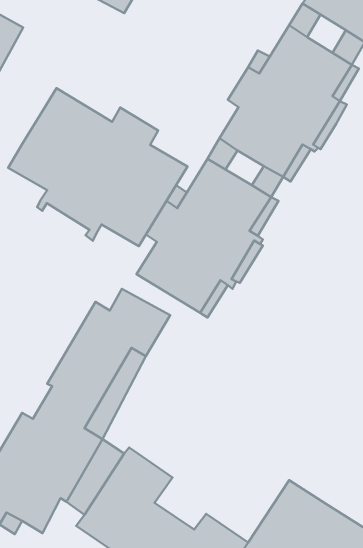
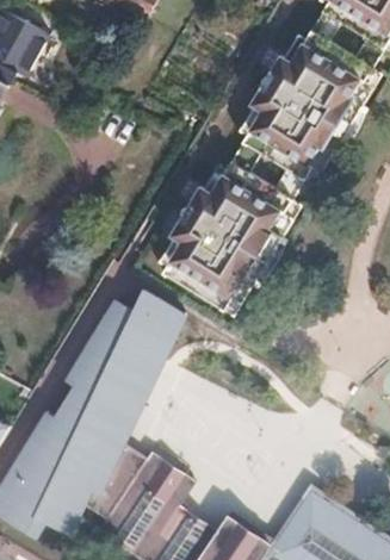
building: [8,88,187,246] -> none

